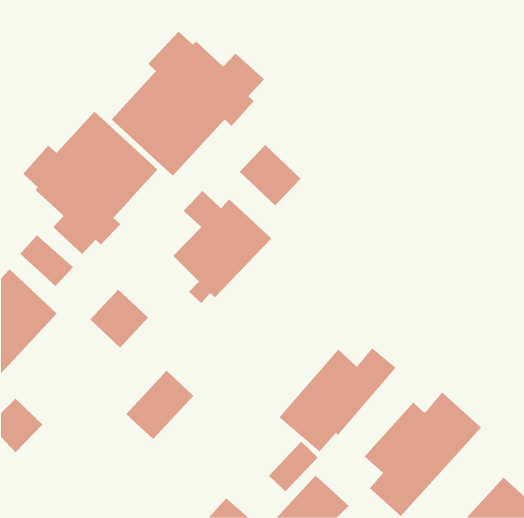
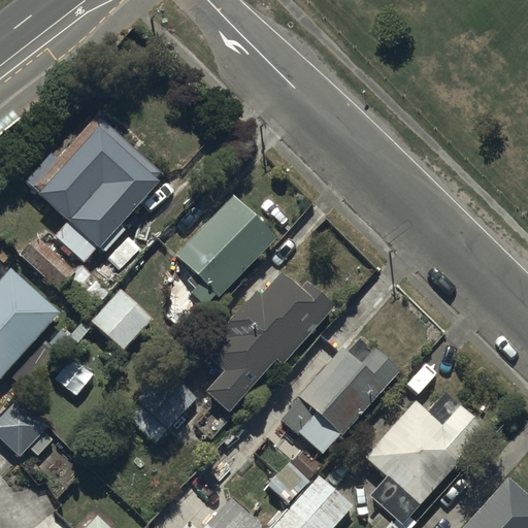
building: [111,31,265,177] -> none
building: [239,144,301,206] -> none
building: none -> [203,275,330,416]

